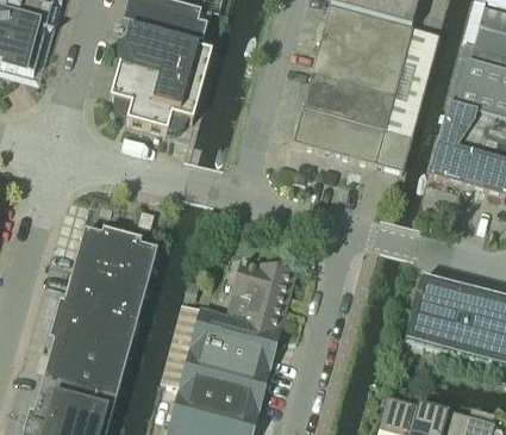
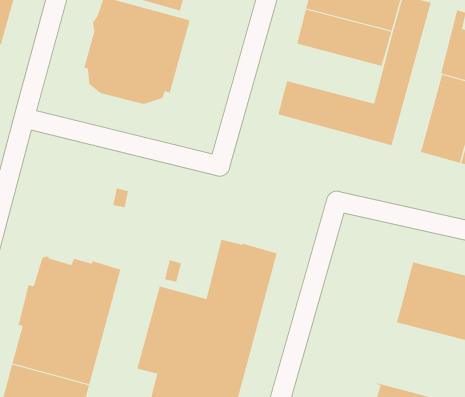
building: [302,72,393,128] -> none
building: [71,226,157,285] -> none

